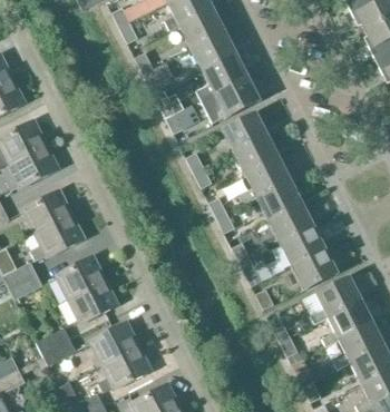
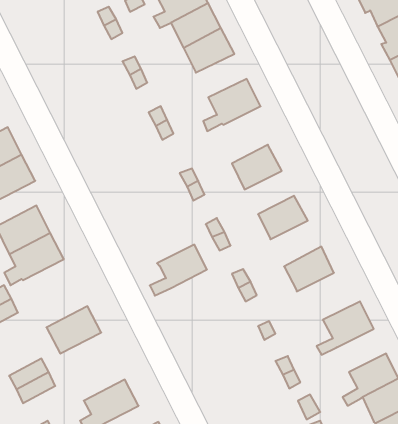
building: [202,53,247,92] -> none
building: [222,111,266,151] -> none
building: [238,158,290,204] -> [150,245,207,296]
building: [269,203,314,244] -> none
building: [292,249,338,290] -> none
building: [56,255,105,298] -> none
building: [322,300,372,345] -> none
building: [89,322,138,364] -> none

